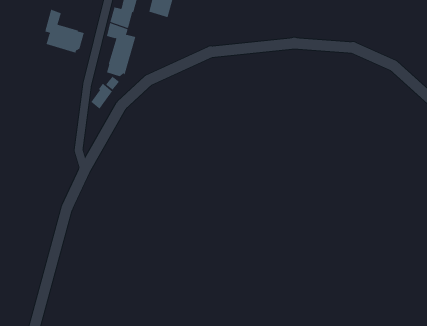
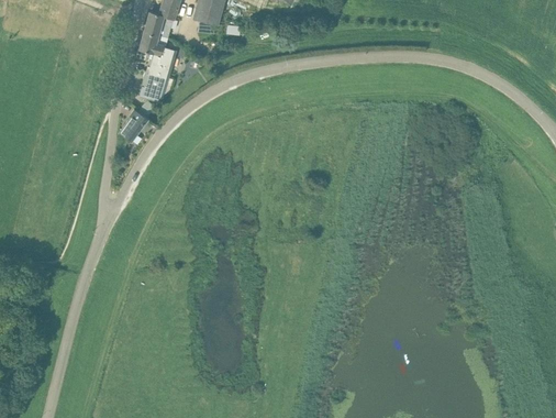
building: [45,9,85,53] -> none

